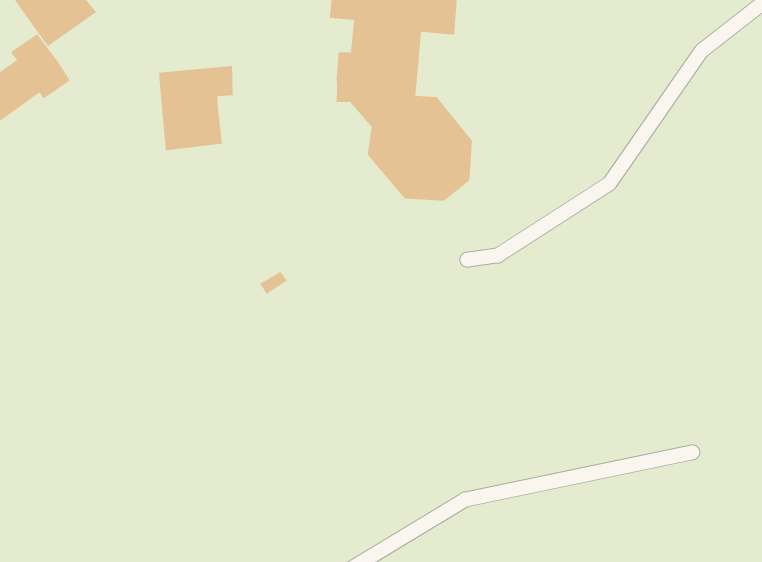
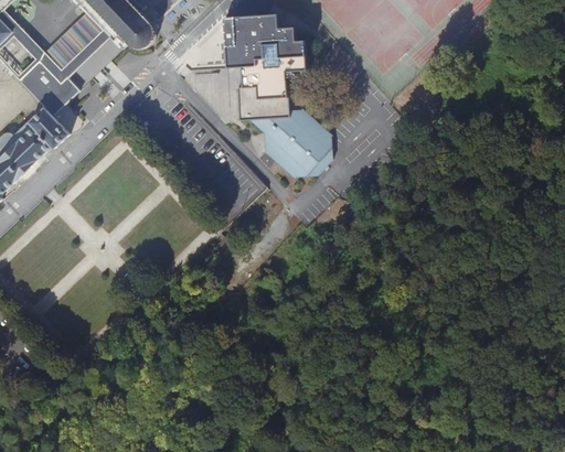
building: [158,65,233,151] -> none

